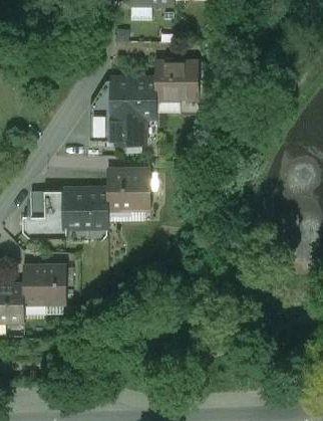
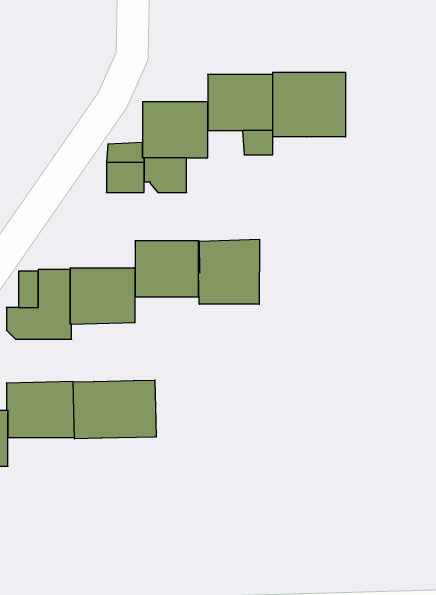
building: none -> [273,72,346,137]
building: none -> [199,239,259,304]
building: none -> [73,380,156,439]

